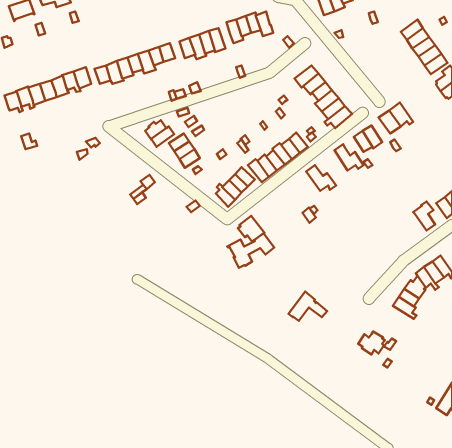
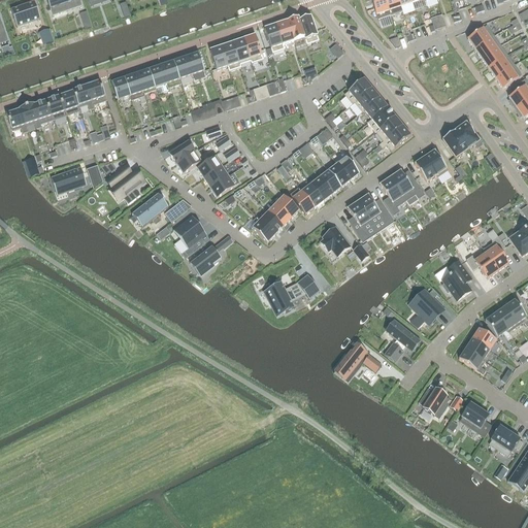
building: none -> [51,165,87,190]
building: none -> [105,167,143,202]
building: none -> [380,175,405,213]
building: none -> [131,192,168,225]
building: none -> [346,200,373,238]
building: none -> [172,213,206,249]
building: none -> [189,243,221,275]
building: none -> [466,250,497,276]
building: [238,216,264,242] -> [320,225,351,255]
building: none -> [441,259,471,299]
building: none -> [412,289,443,324]
building: none -> [384,321,420,361]
building: none -> [461,401,492,436]
building: none -> [490,424,523,455]

